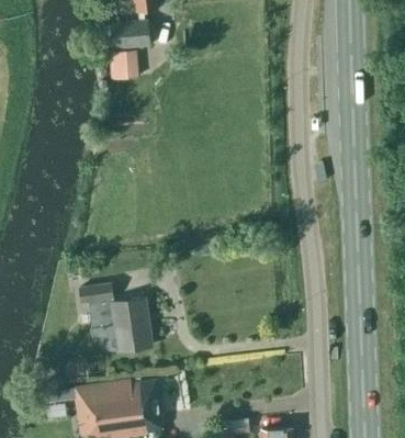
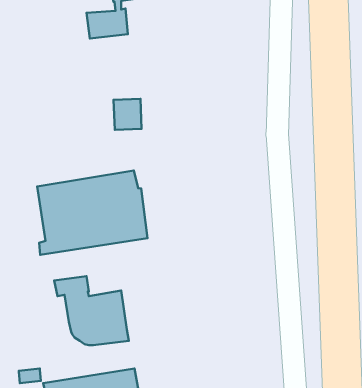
building: [111,54,138,85] -> [114,99,141,130]
building: none -> [37,170,148,255]

